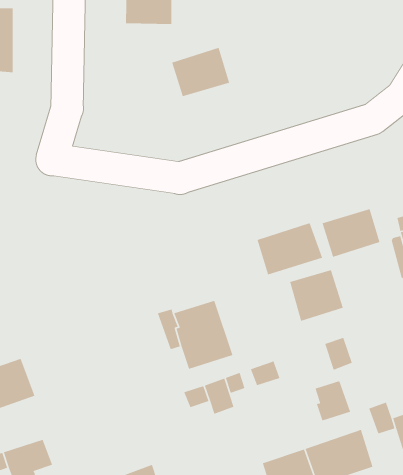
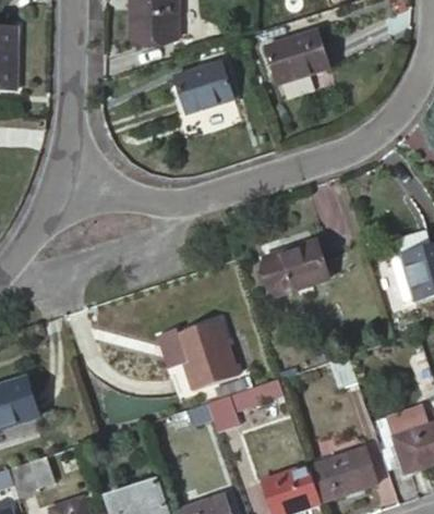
building: none -> [266,35,328,86]
building: [322,208,381,258] -> none
building: [289,269,344,322] -> none
building: [315,380,351,421] -> none

